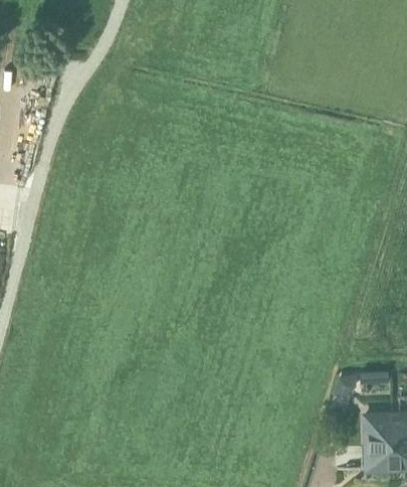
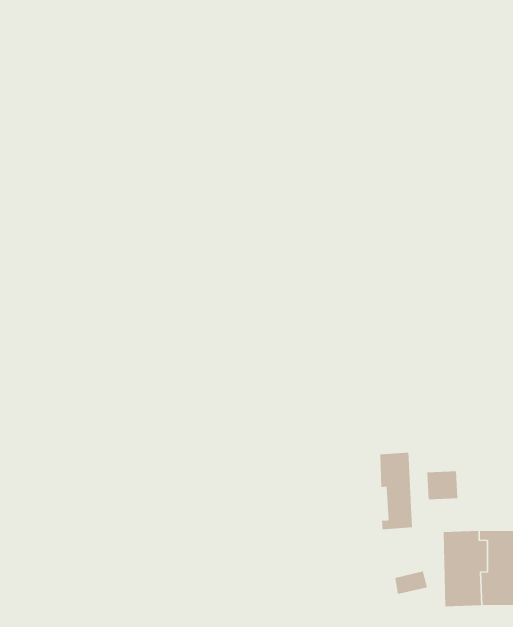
building: none -> [380,452,412,530]

